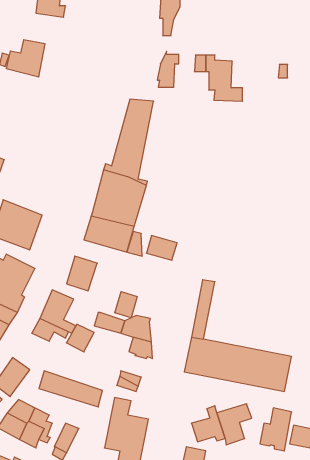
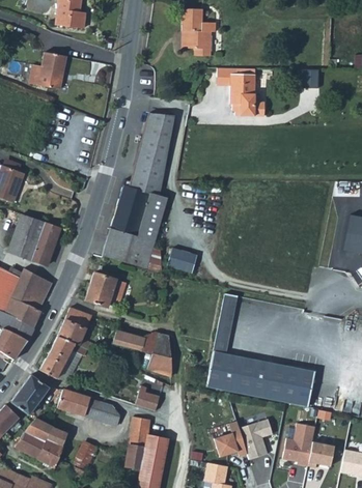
building: [157,51,179,87] -> [192,19,214,55]
building: [115,292,137,318] -> none
building: [66,324,94,352] -> [40,348,68,376]

